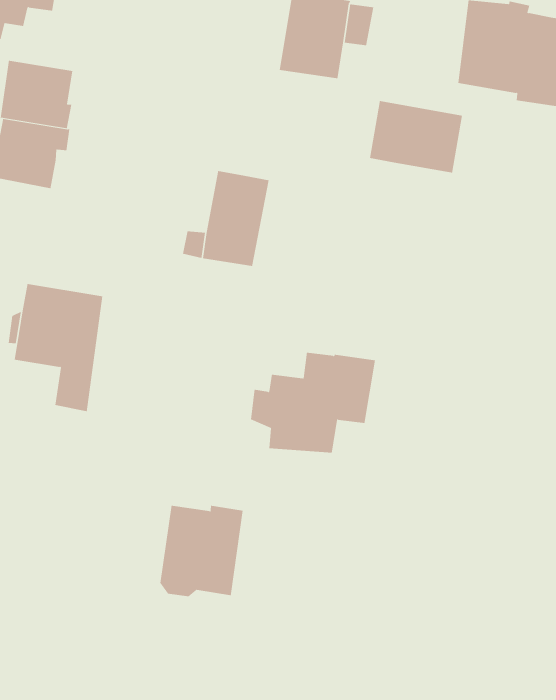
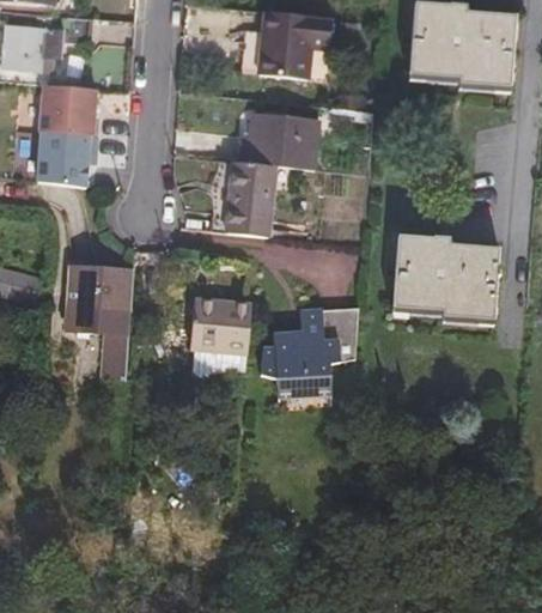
building: [369,101,463,173] -> [243,115,317,170]
building: none -> [392,238,498,322]
building: [159,505,243,597] -> [188,303,252,380]

